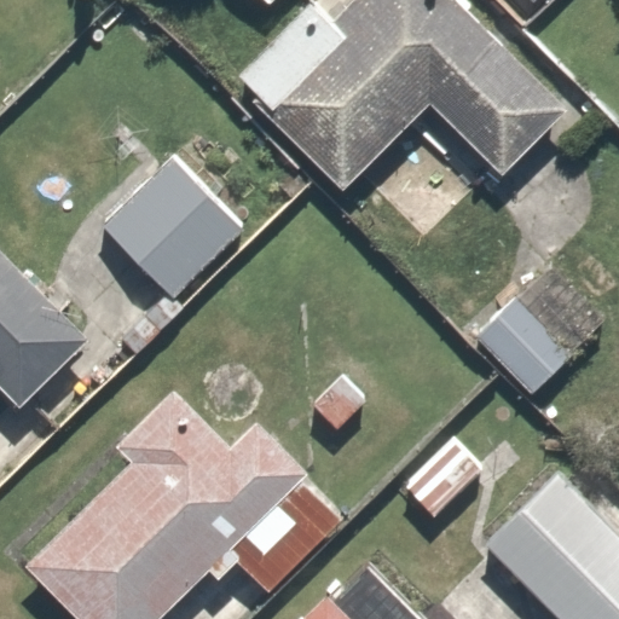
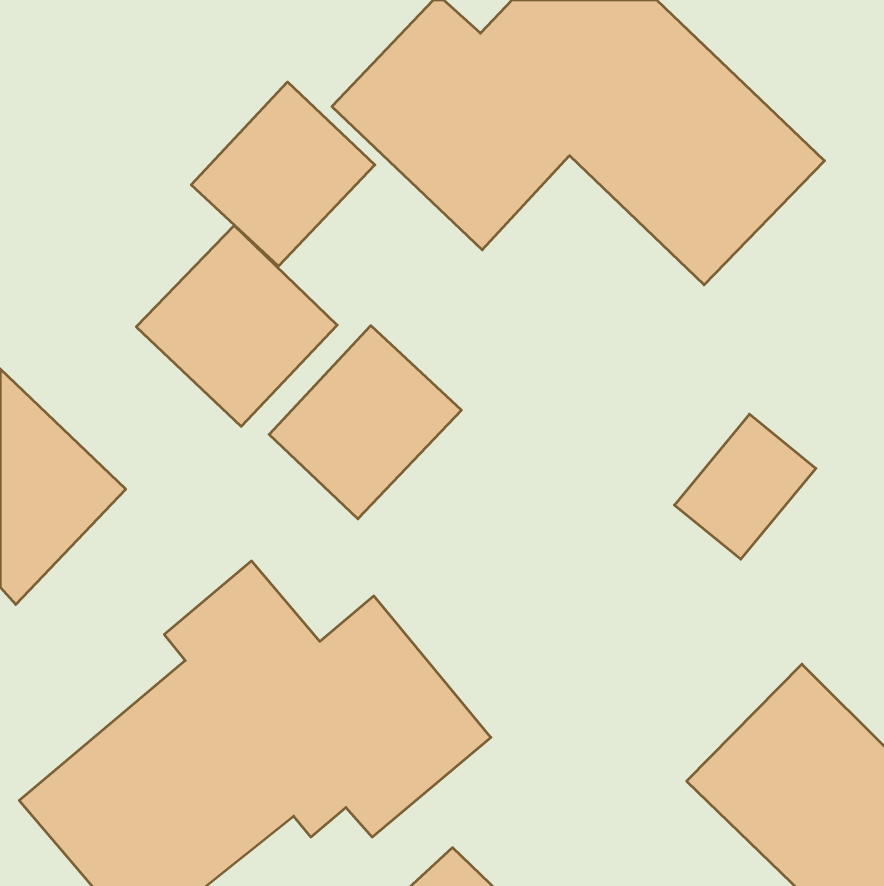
building: none -> [191,82,375,266]
building: none -> [269,326,461,519]

